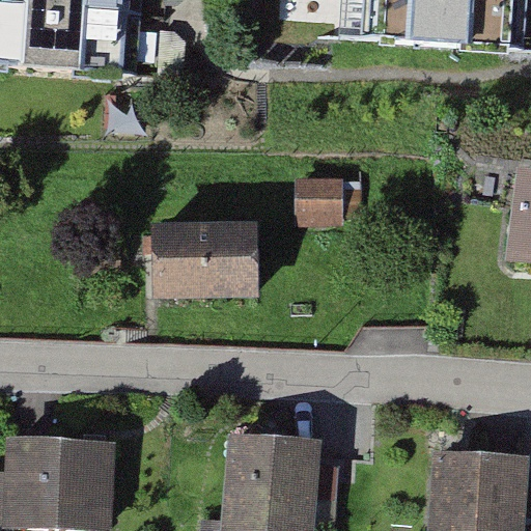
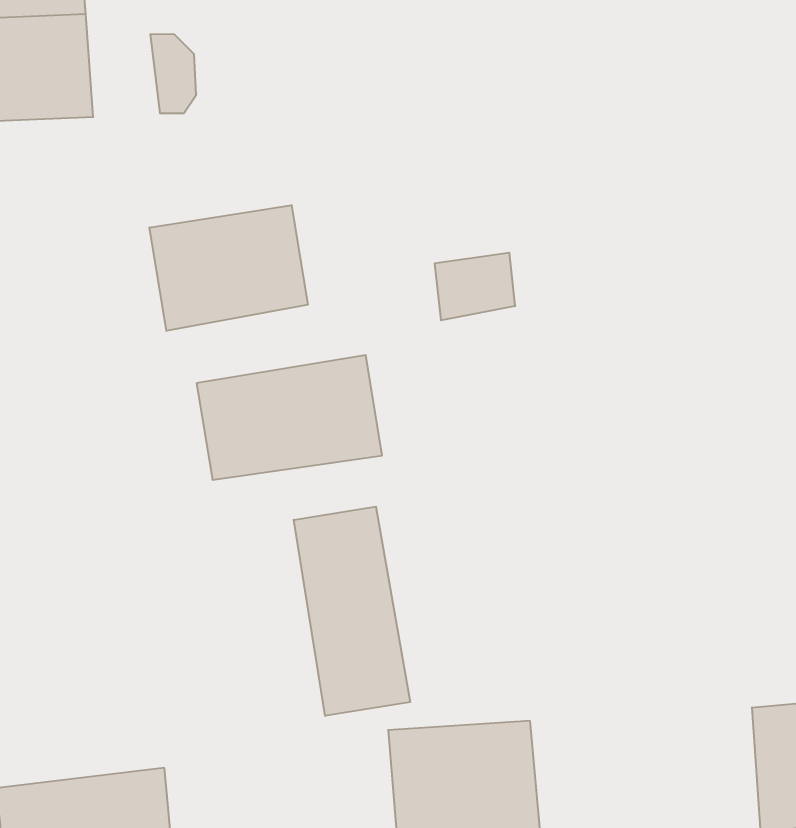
building: none -> [150,205,308,331]
building: none -> [294,507,410,716]

